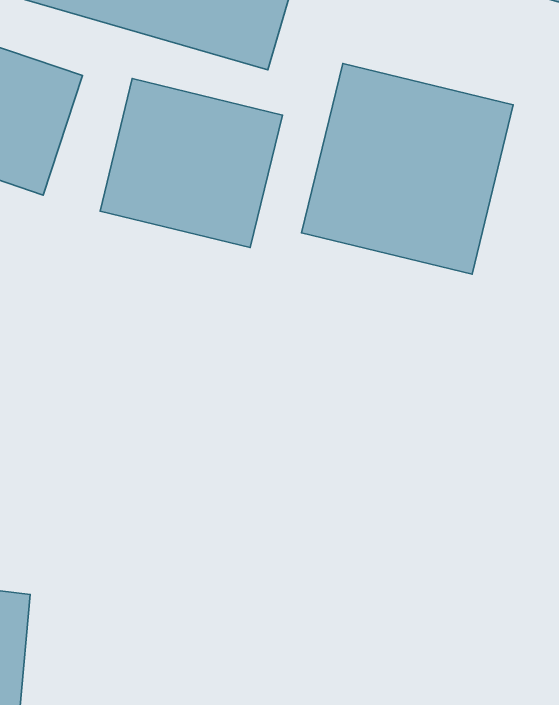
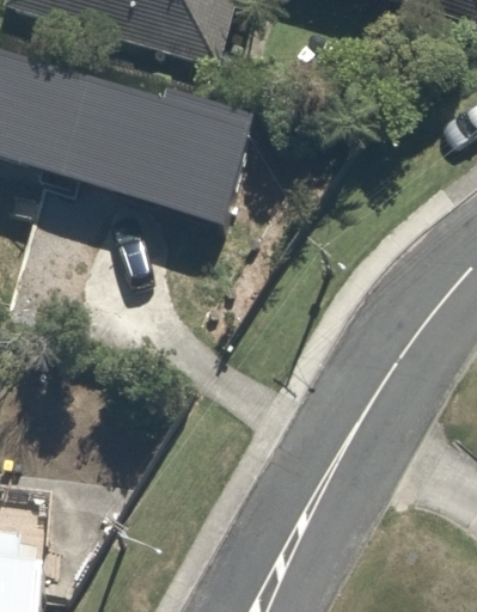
building: [302,63,513,274] -> none

